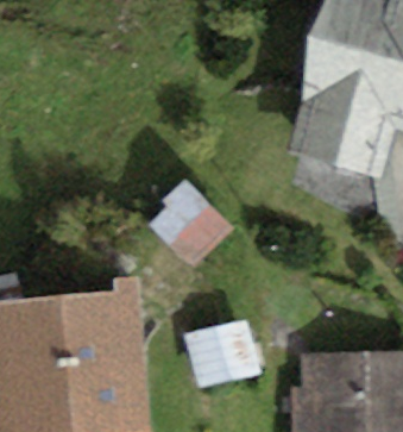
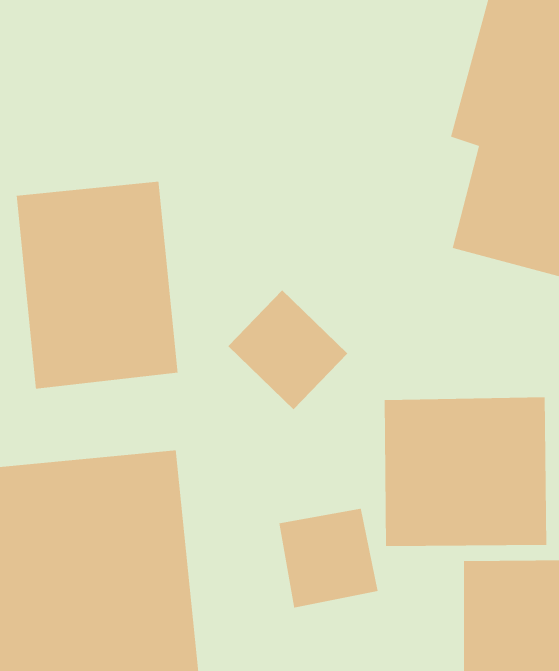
building: none -> [16,181,178,389]
building: none -> [384,397,547,547]

